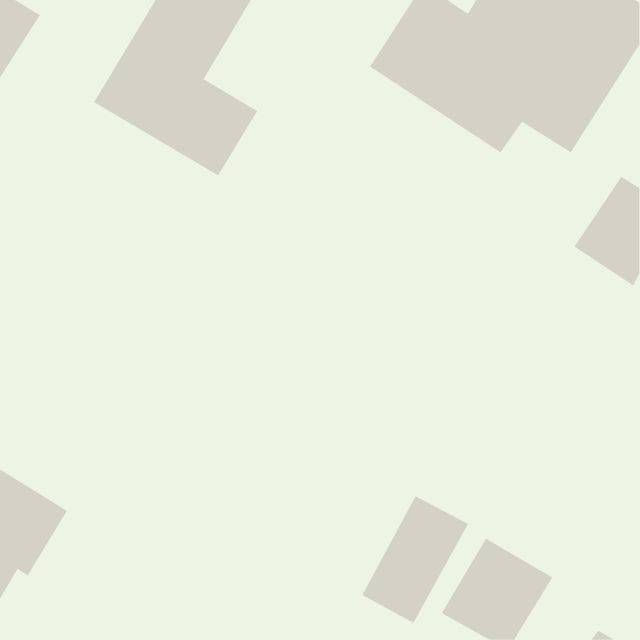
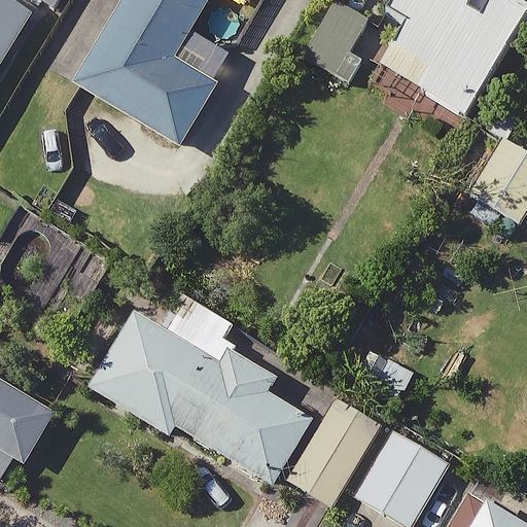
building: none -> [90,291,316,485]

